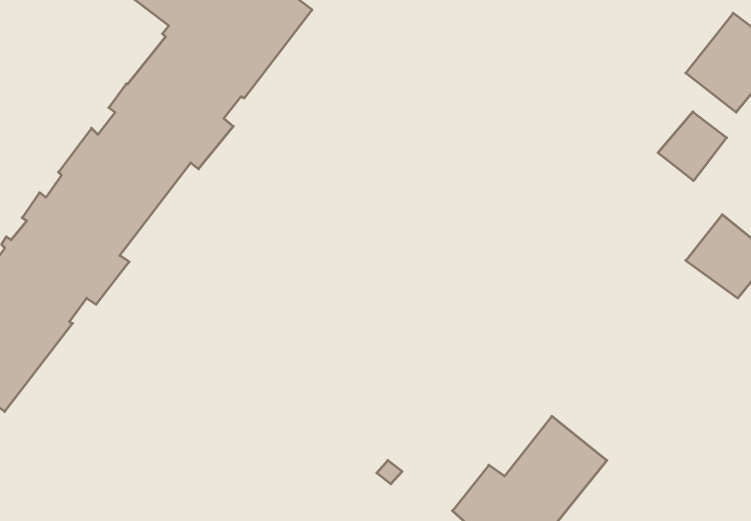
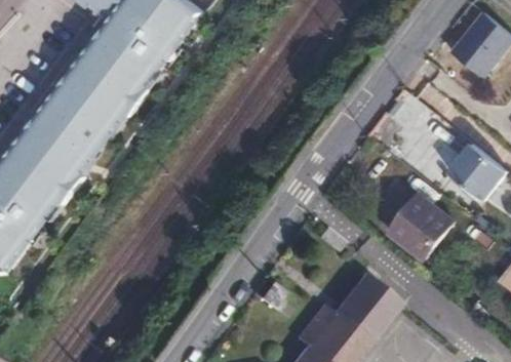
building: [658,112,727,181] -> none
building: none -> [389,194,451,257]

